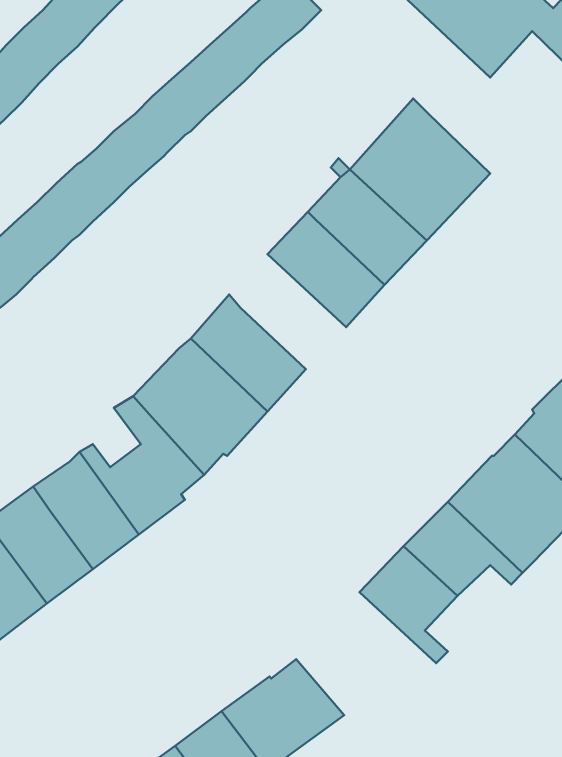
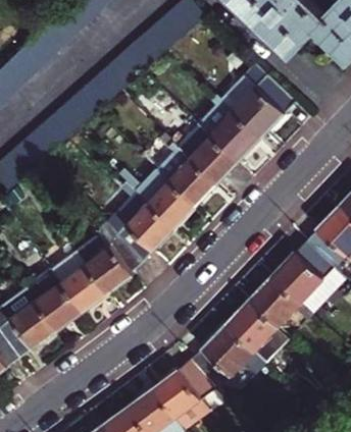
building: none -> [151,149,213,210]
building: none -> [187,328,261,393]

